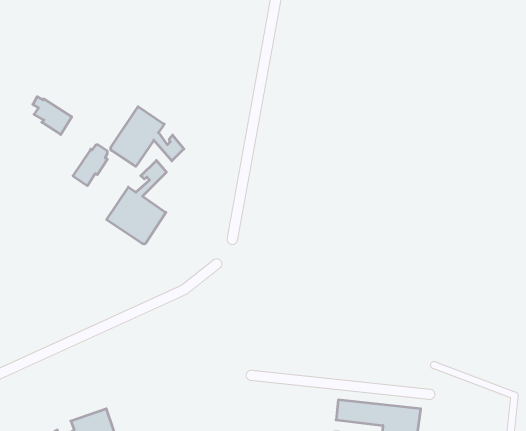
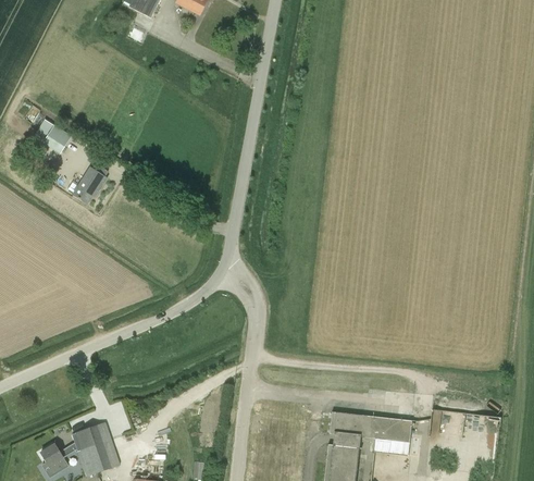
building: [111,107,184,166] -> none
building: [107,160,166,244] -> none

